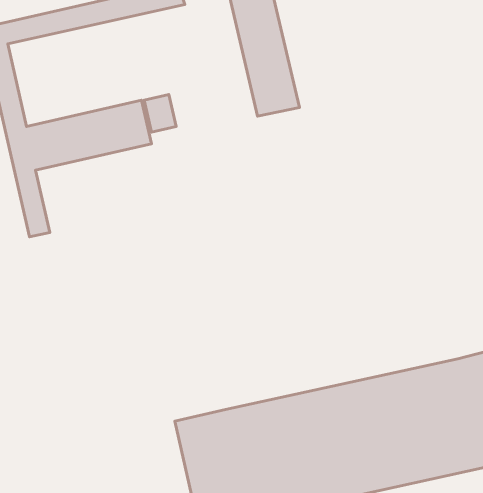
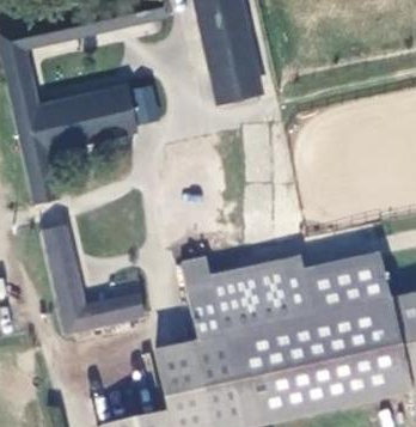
building: none -> [42,224,143,331]
building: none -> [181,255,389,340]

